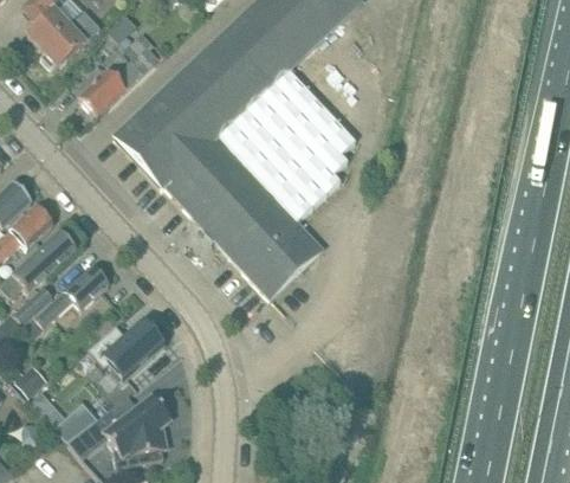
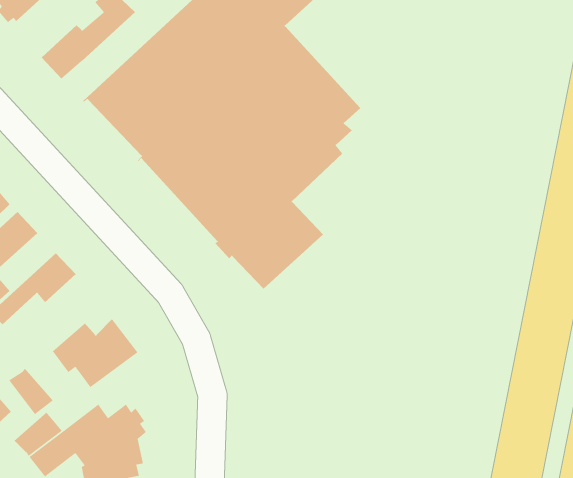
building: none -> [8,368,54,415]

